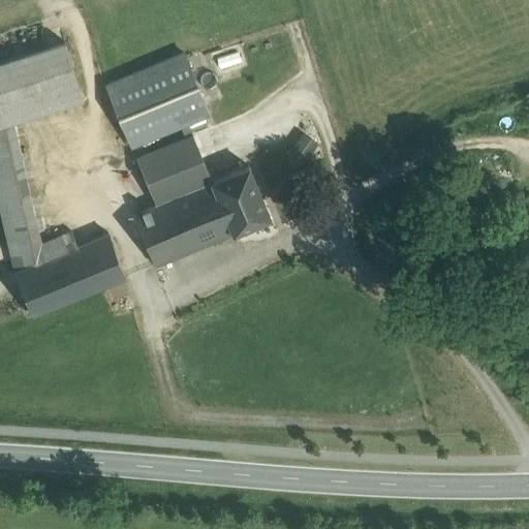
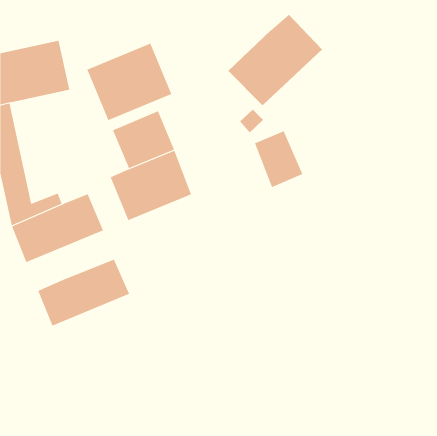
building: none -> [228,14,323,106]
building: [211,167,270,237] -> [254,130,303,188]
building: none -> [37,259,130,326]

